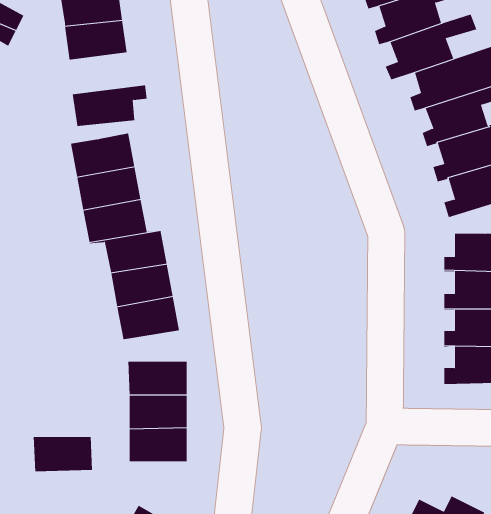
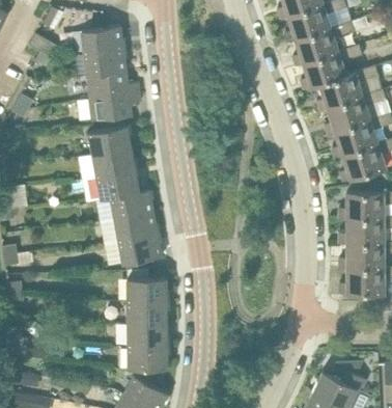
building: none -> [86,72,138,100]
building: [33,436,93,472] -> [127,347,167,371]

